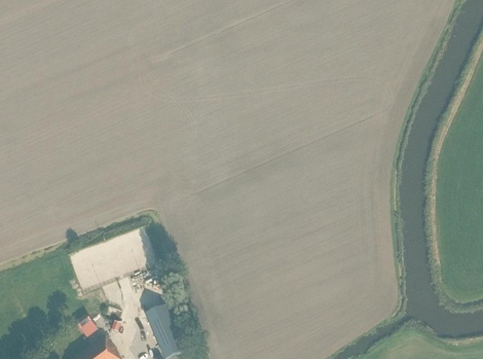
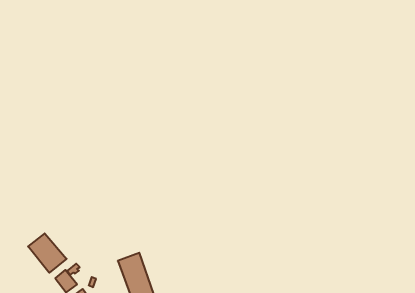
building: none -> [28,233,67,273]

